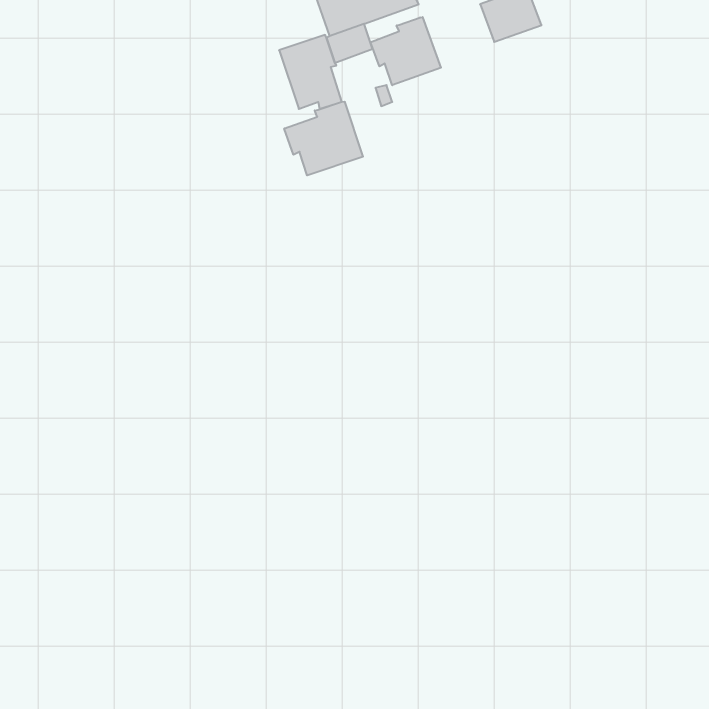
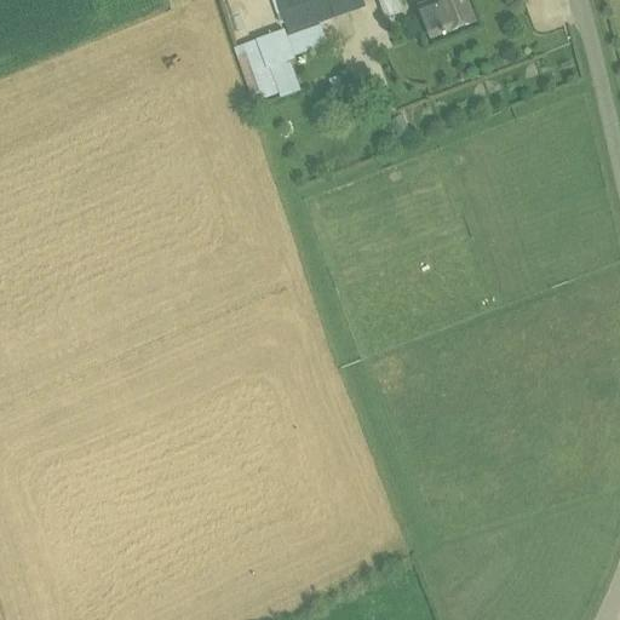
building: [370,17,441,85] -> none
building: [284,102,363,175] -> none

